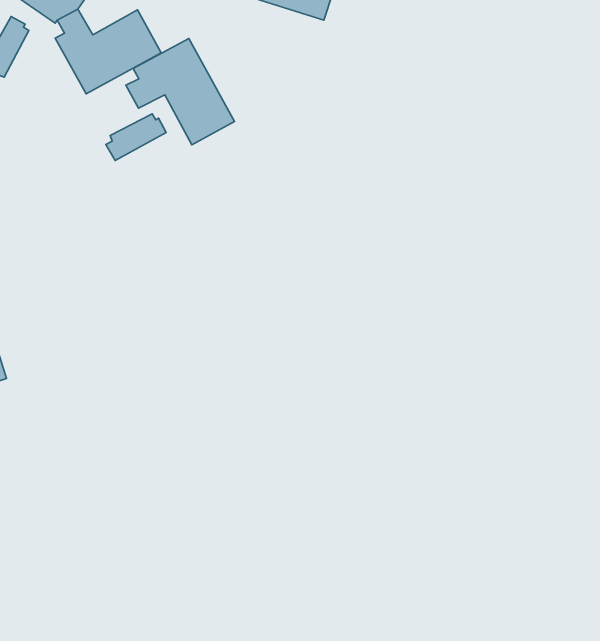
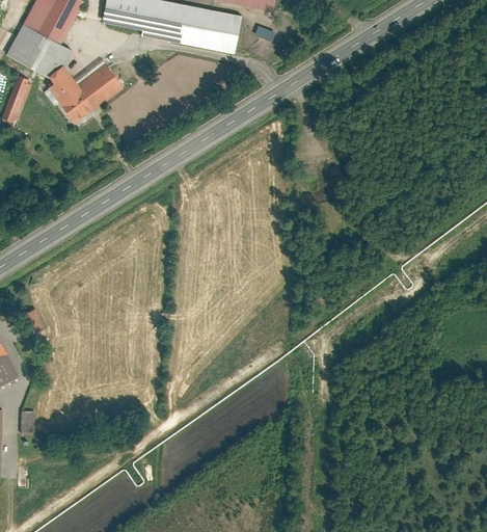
building: [126,38,234,145] -> none
building: [106,114,166,160] -> none

